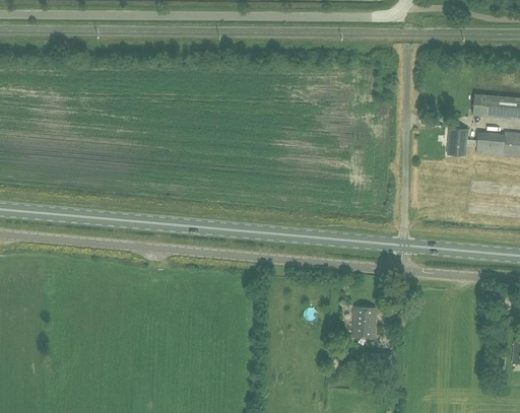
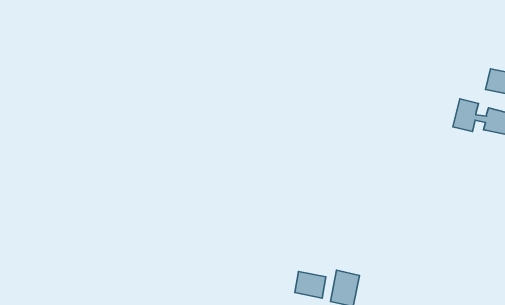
building: none -> [295,271,326,298]

